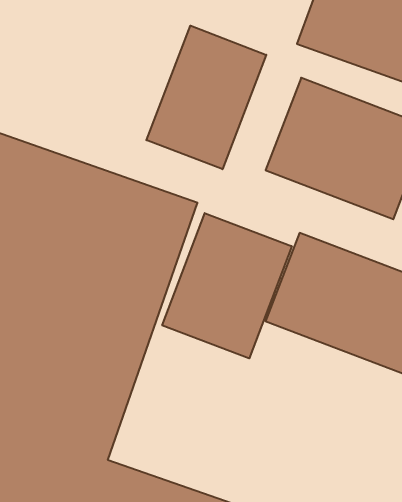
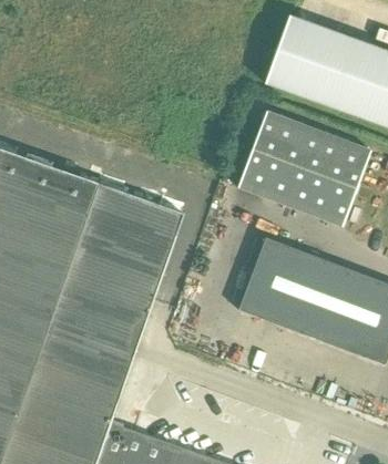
building: [146,26,266,169] -> none
building: [162,213,292,358] -> none

